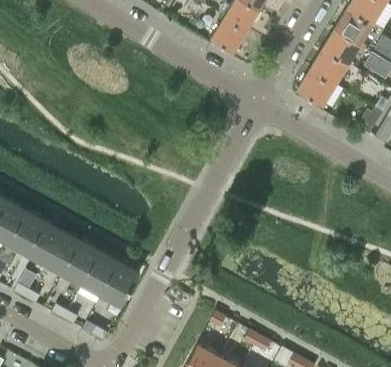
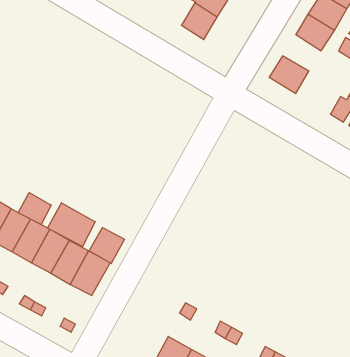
building: [309,49,347,85] -> none
building: none -> [18,193,51,225]
building: none -> [48,203,95,246]
building: none -> [89,228,125,264]

